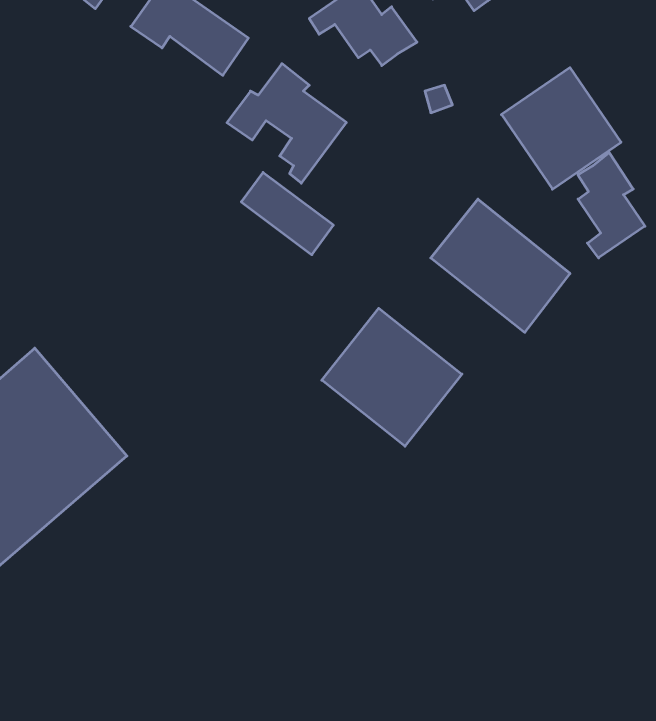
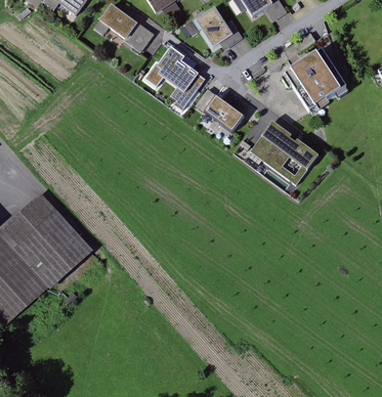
building: [578,153,645,258] -> none
building: [241,172,333,255] -> [196,85,244,128]
building: [322,308,462,446] -> none

